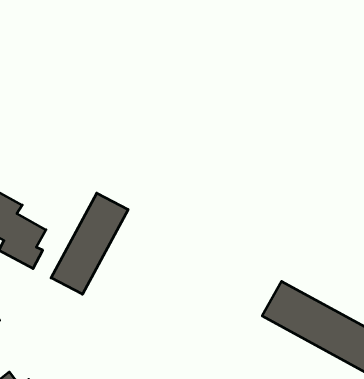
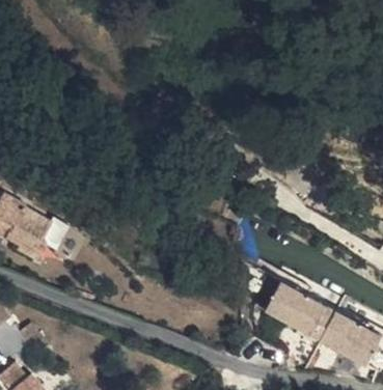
building: [51,193,128,294] -> none

